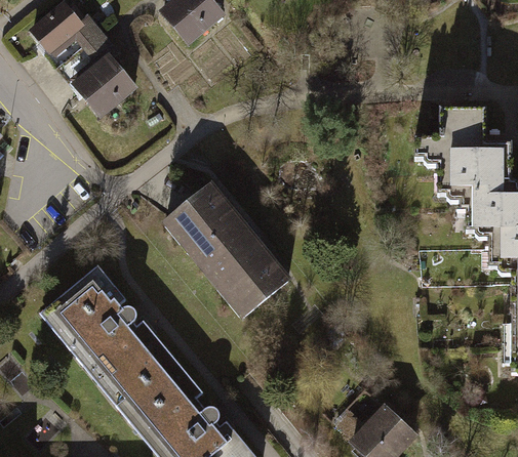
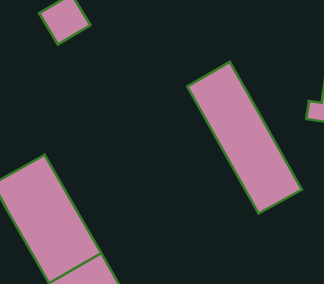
building: none -> [187,62,302,214]
building: [163,184,291,324] -> none

